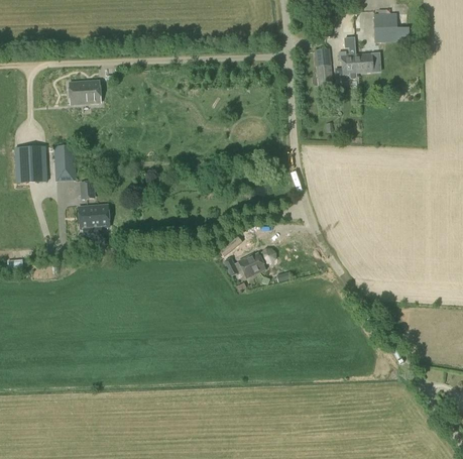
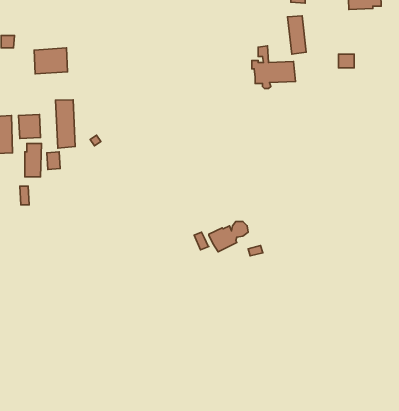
building: [339,37,381,79] -> [252,46,296,89]
building: none -> [56,100,75,148]
building: [78,203,110,229] -> none

